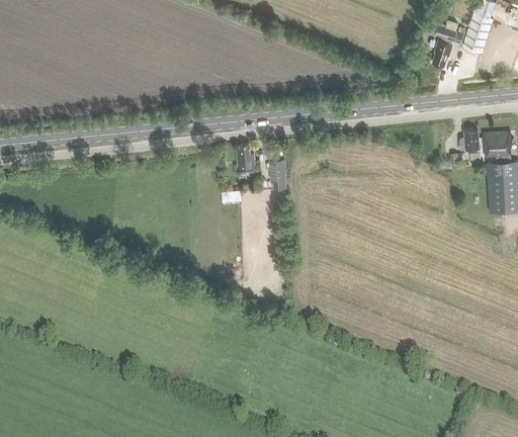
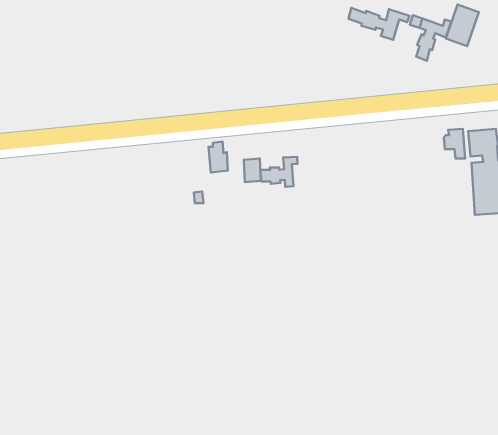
building: none -> [348,8,409,40]
building: none -> [260,157,297,187]

